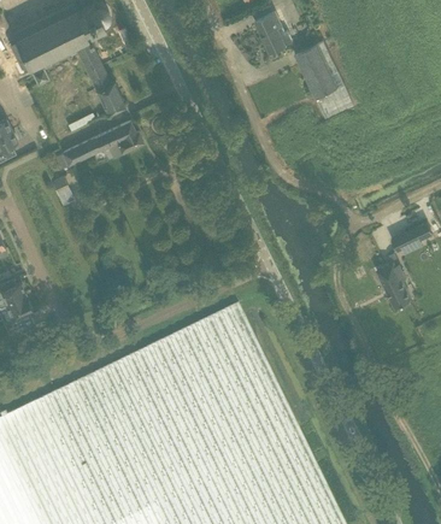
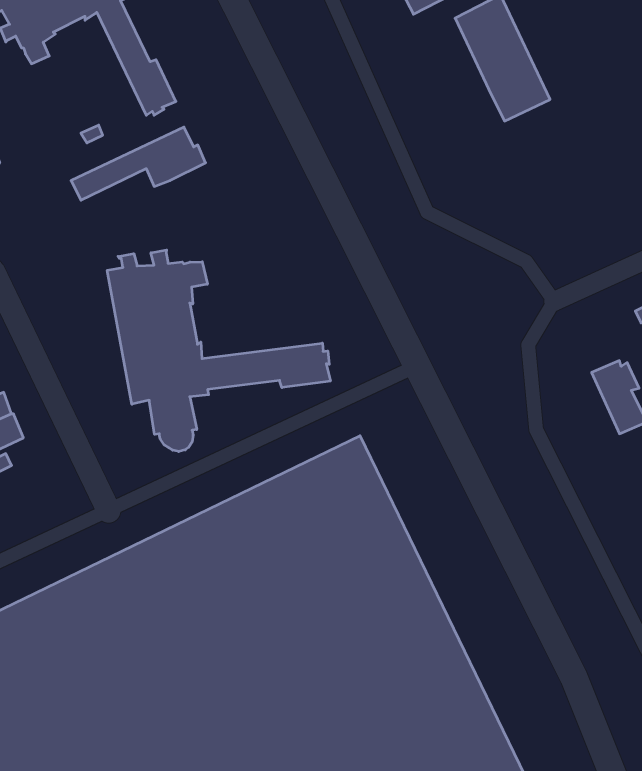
building: none -> [107,250,330,452]

